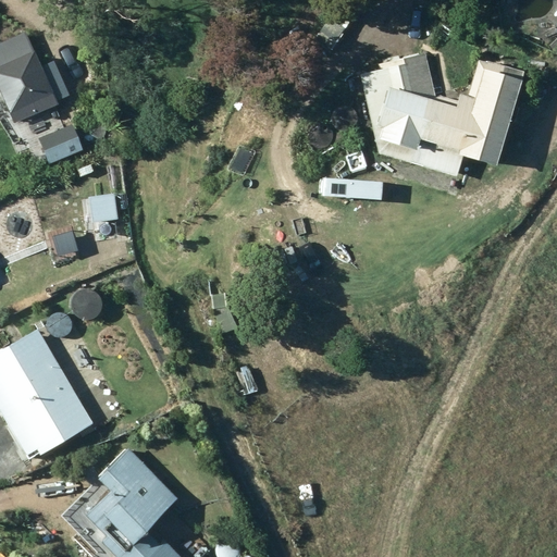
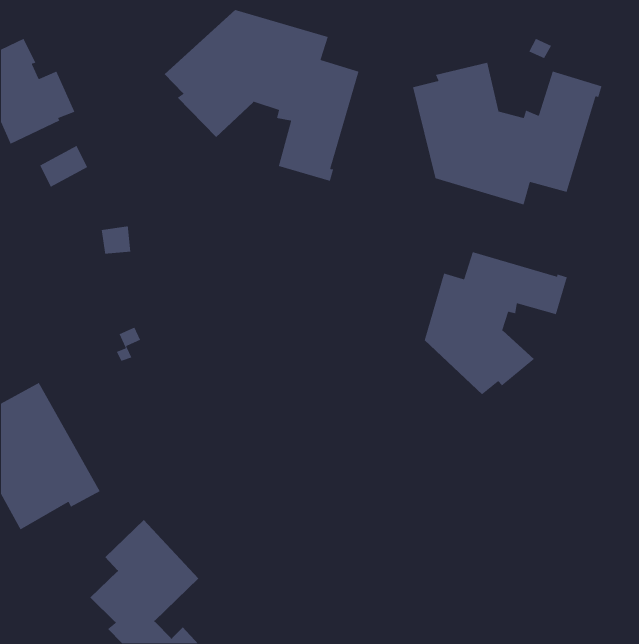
building: none -> [164,9,359,182]
building: none -> [424,251,568,395]

